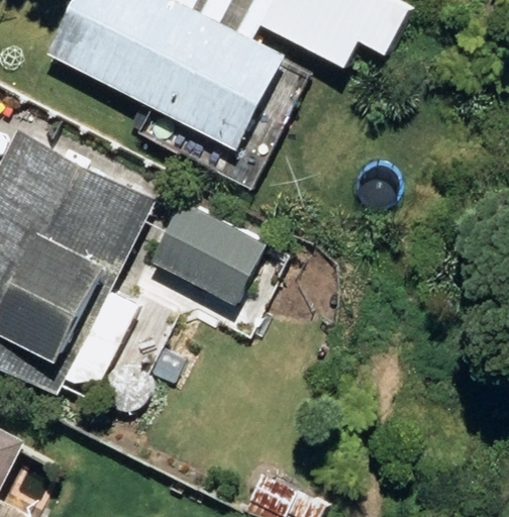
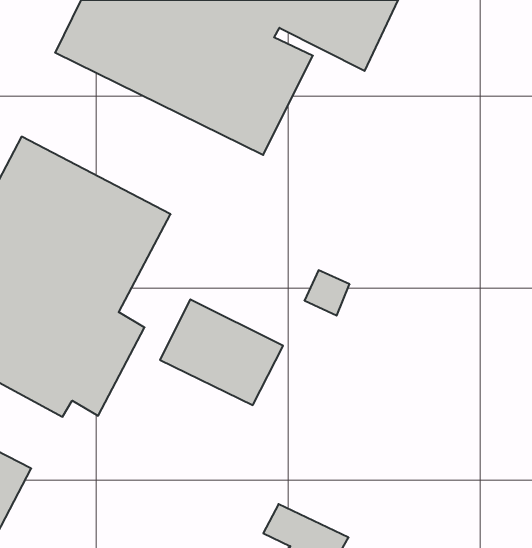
building: [154,201,269,300] -> [160,299,283,405]

